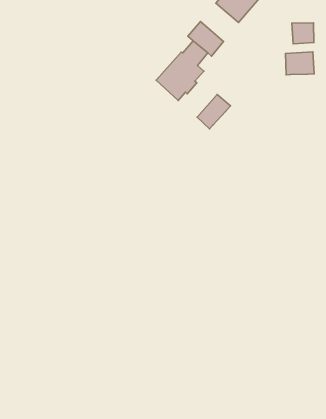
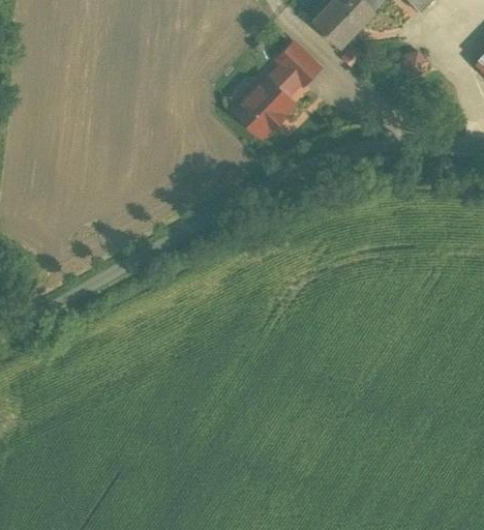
building: [285,52,314,75] -> none
building: [197,94,230,129] -> none

